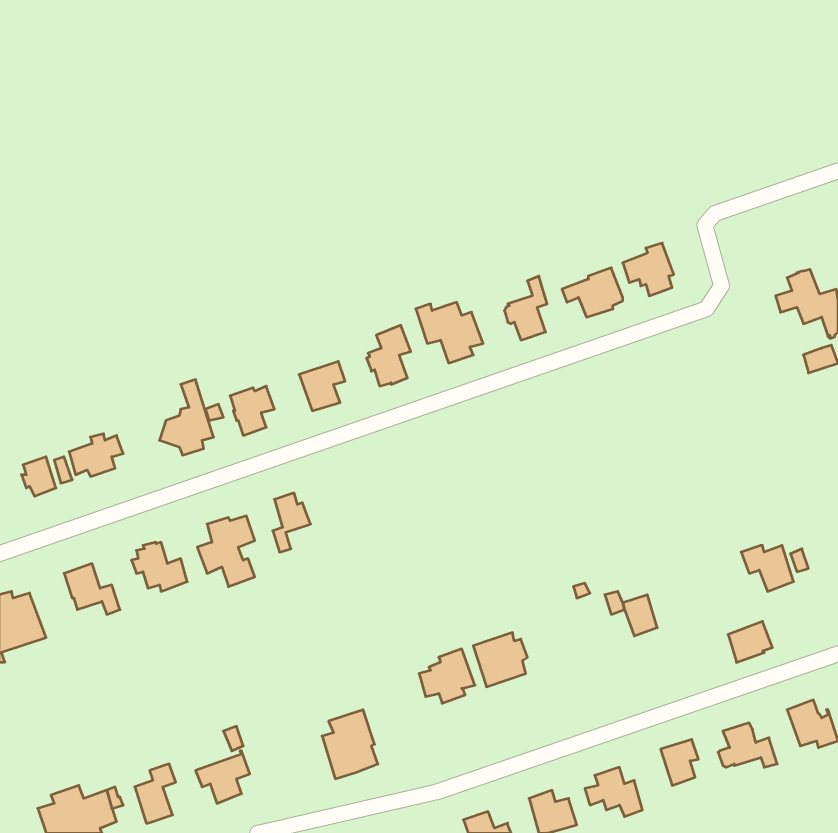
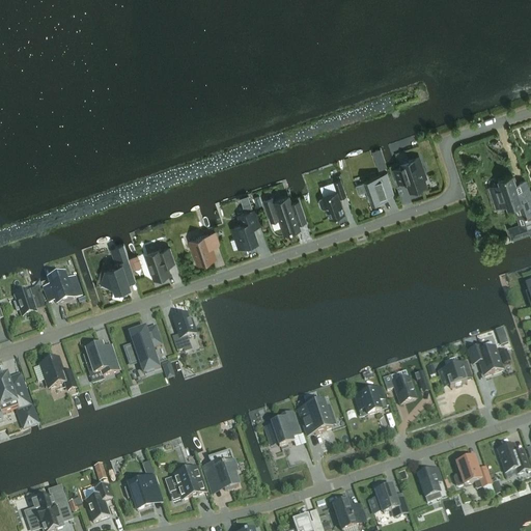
building: none -> [356,386,385,413]
building: [728,621,772,662] -> [444,359,472,385]
building: none -> [170,469,205,498]

